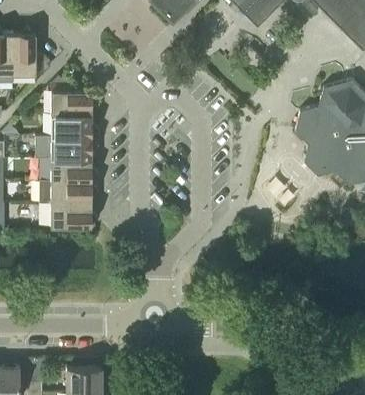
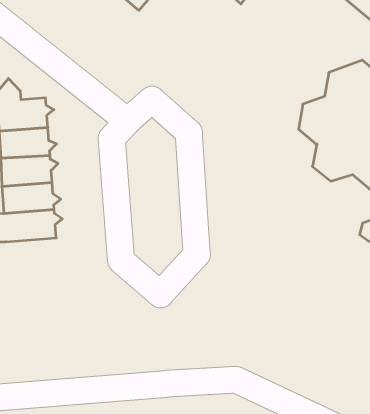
building: [51,204,98,227] -> none

